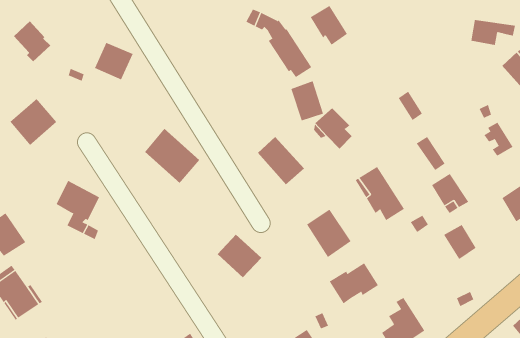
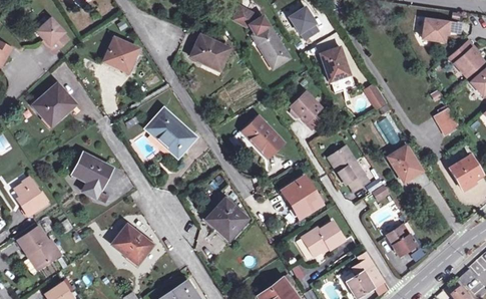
building: none -> [189,34,228,69]
building: [291,81,324,121] -> [321,47,349,81]
building: [443,224,477,260] -> [386,224,414,254]
building: none -> [112,225,152,264]

